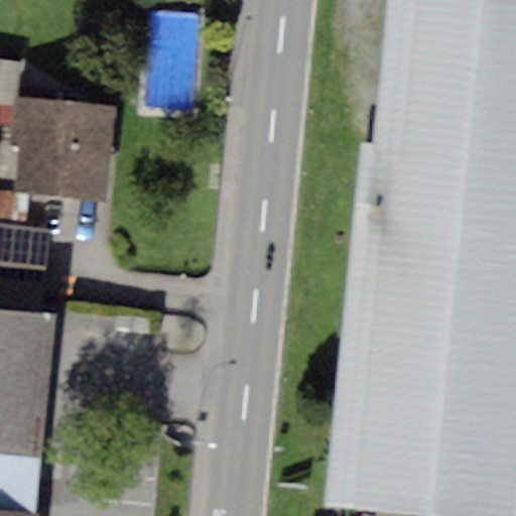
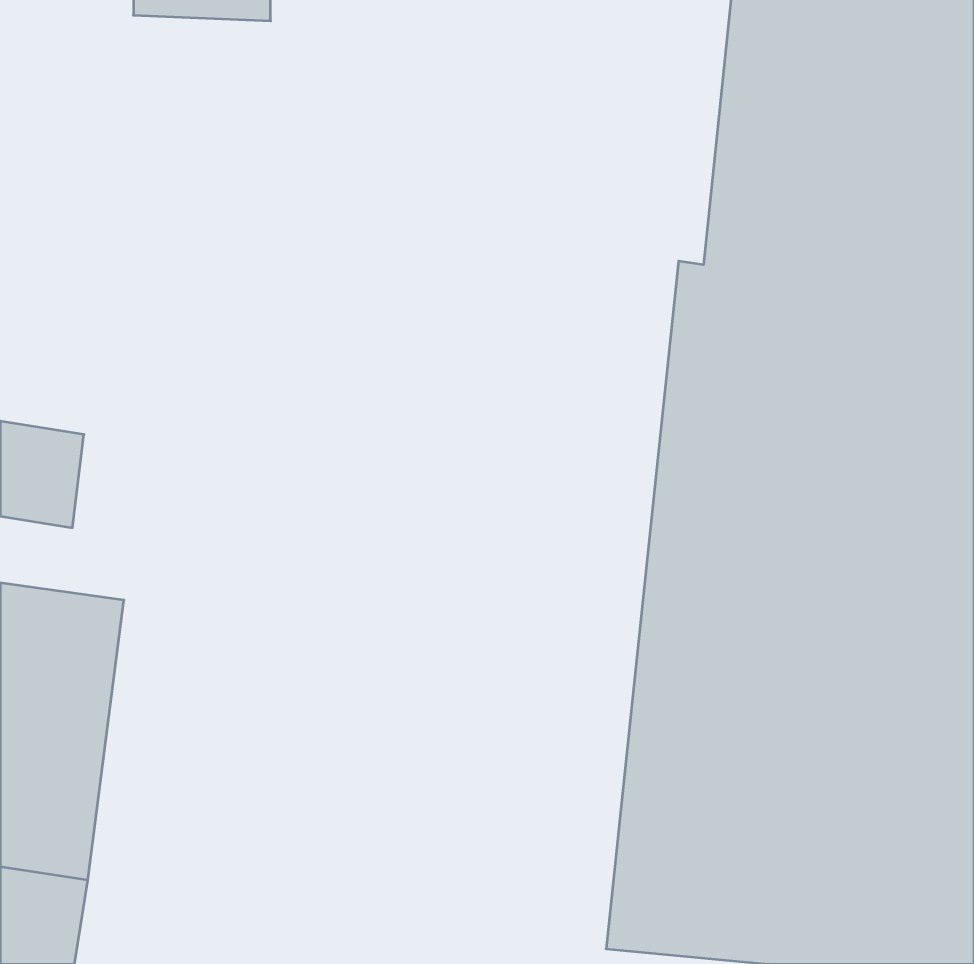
building: [12,97,110,189] -> none

